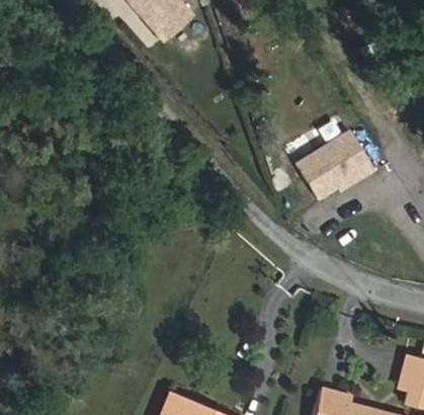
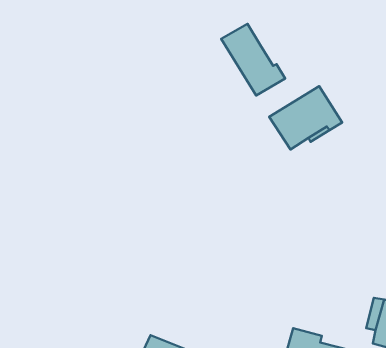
building: none -> [221,24,285,96]

